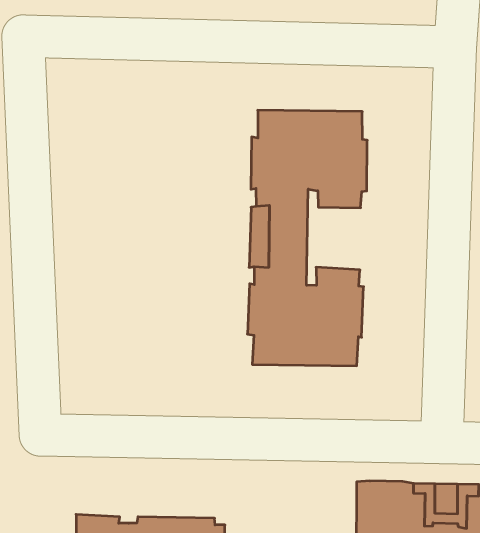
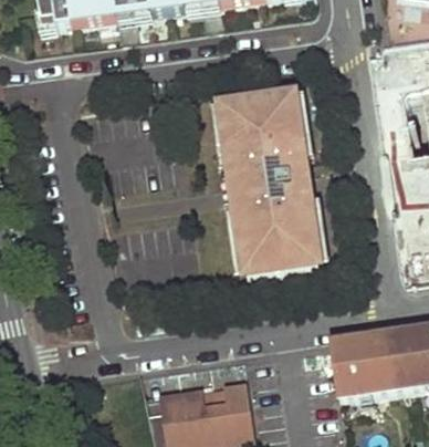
building: none -> [265,149,310,215]

